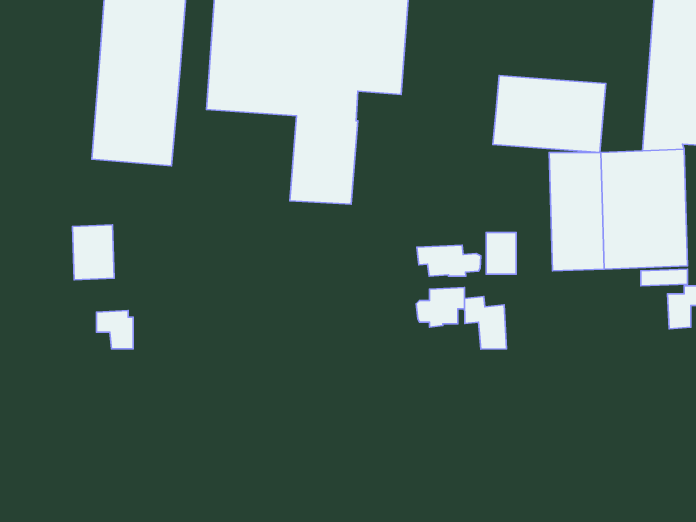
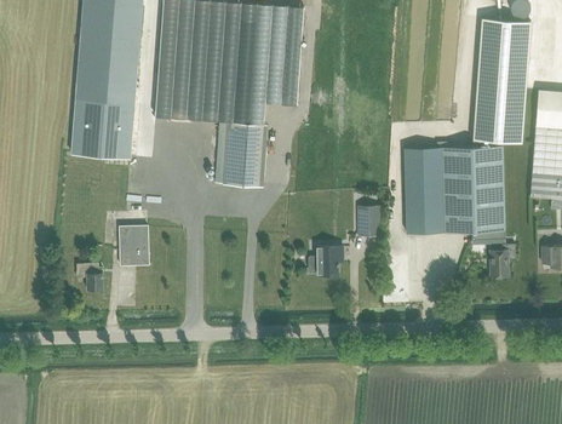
building: [493,75,606,153] -> none
building: [73,225,114,280] -> [119,224,149,264]
building: [417,245,481,276] -> none
building: [464,297,506,349] -> none

